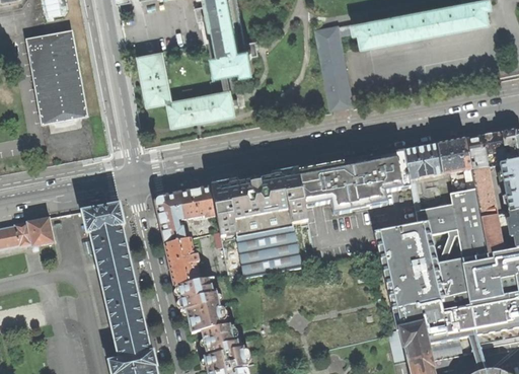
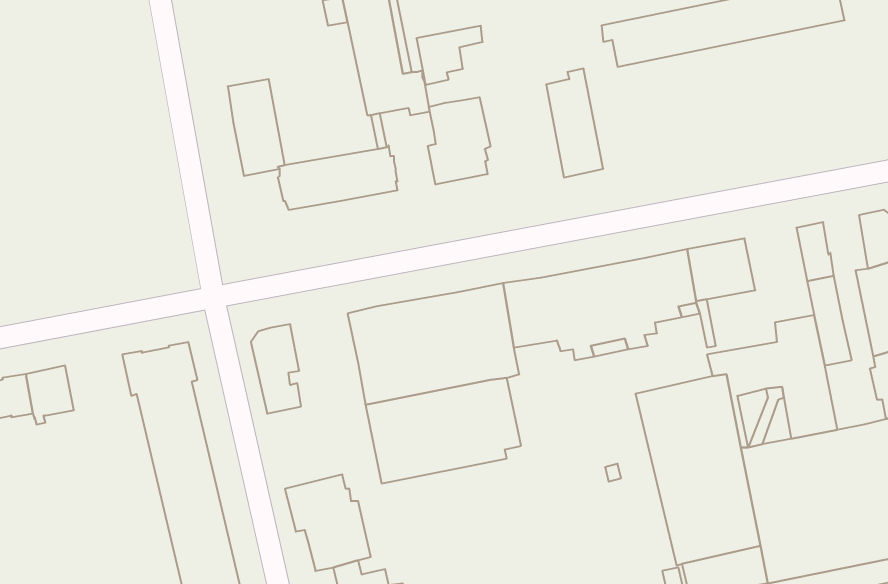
building: [316,23,354,57] -> [416,26,483,85]
building: [26,31,86,124] -> none
building: none -> [428,97,490,185]
building: [478,131,504,162] -> none
building: [434,138,469,173] -> none
building: [176,186,215,219] -> none
building: [479,213,502,252] -> none
building: [164,239,198,284] -> none

